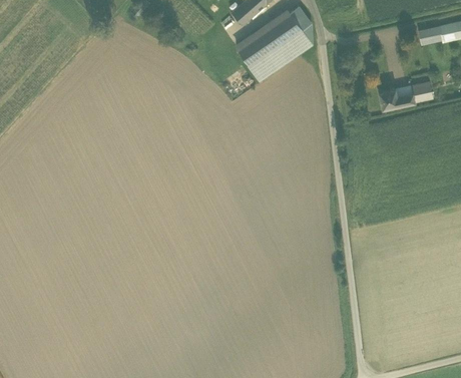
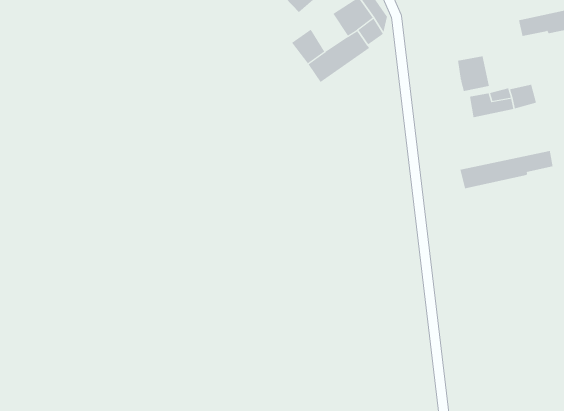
building: [252,24,281,54] -> none
building: none -> [458,55,489,92]
building: none -> [460,150,553,189]

